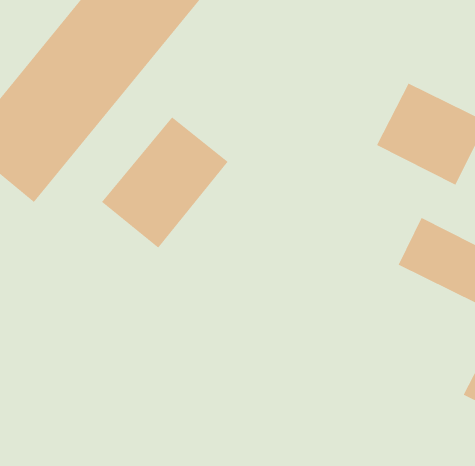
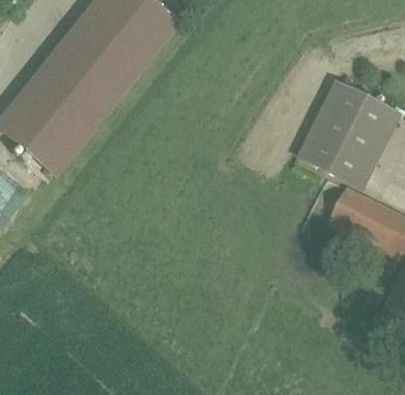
building: [101,116,228,249] -> none
building: none -> [299,130,373,185]

